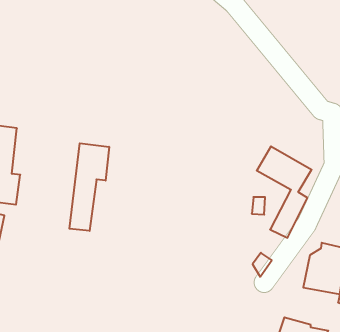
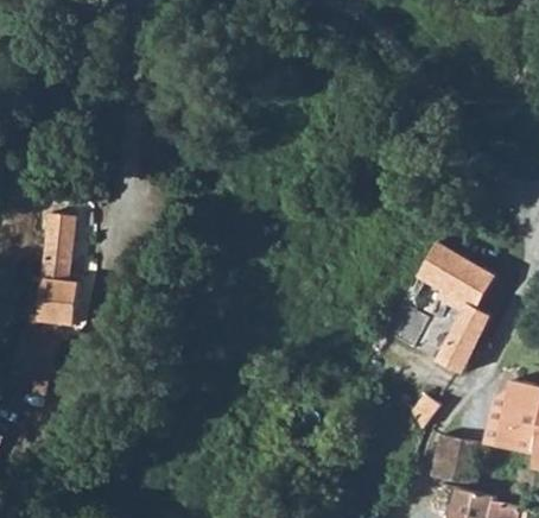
building: [69,143,109,231] -> none
building: none -> [431,435,483,484]

